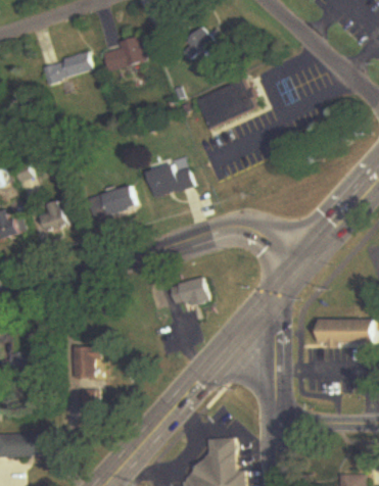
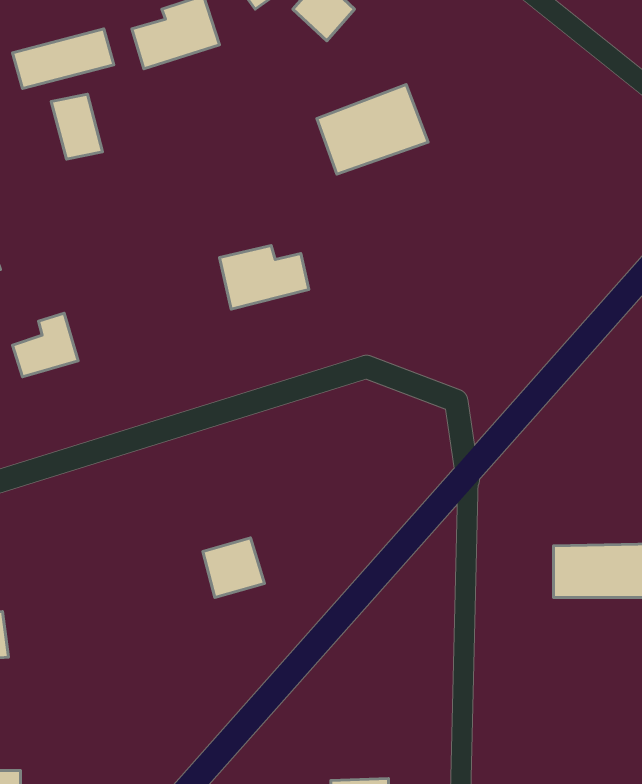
building: none -> [51,94,103,159]
building: [86,185,136,220] -> none
building: [177,277,208,307] -> [203,538,265,597]
building: [70,347,99,378] -> none

